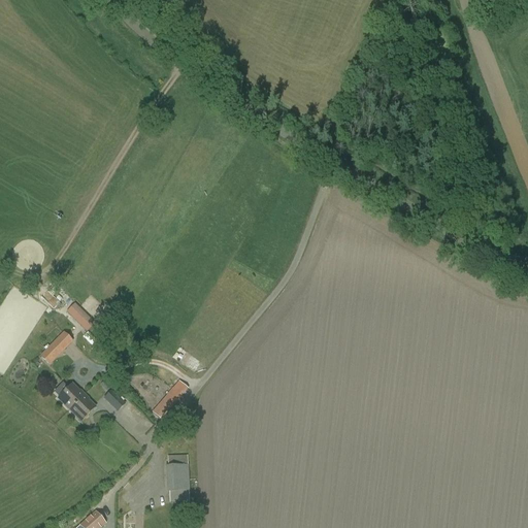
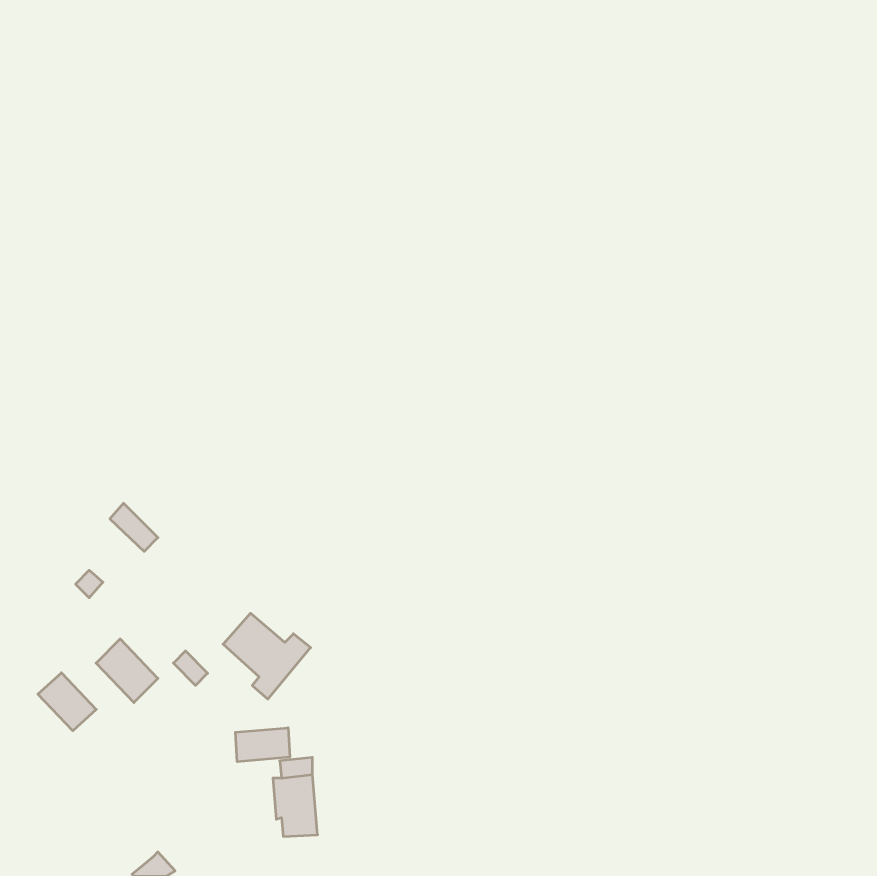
building: none -> [38,673,96,731]
building: none -> [235,728,290,762]

